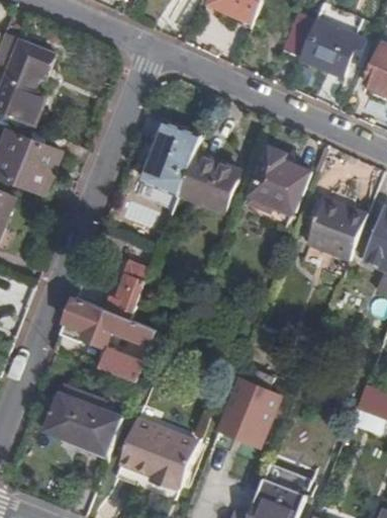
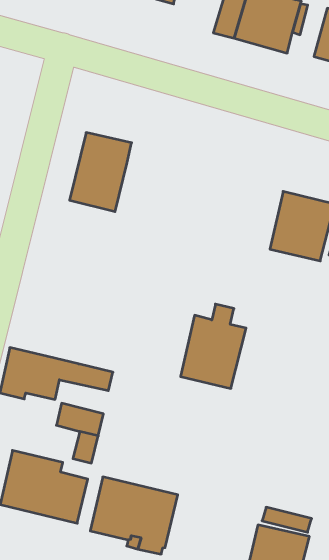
building: [248,148,309,212] -> none
building: [178,154,238,211] -> none
building: [103,262,148,320] -> none
building: [216,371,278,445] -> [181,304,246,388]

